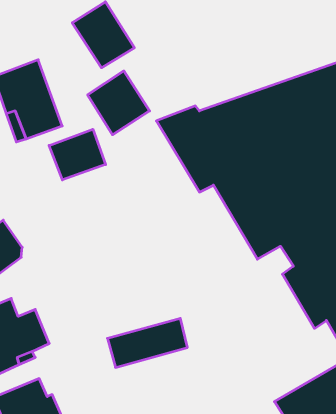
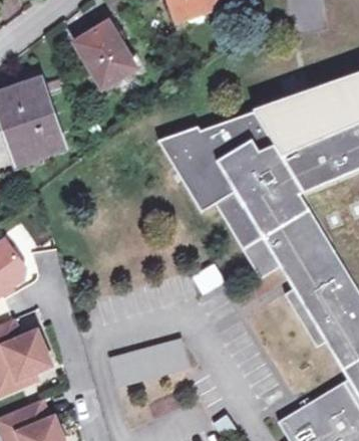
building: [88,71,150,135] -> none
building: [49,129,106,180] -> none

